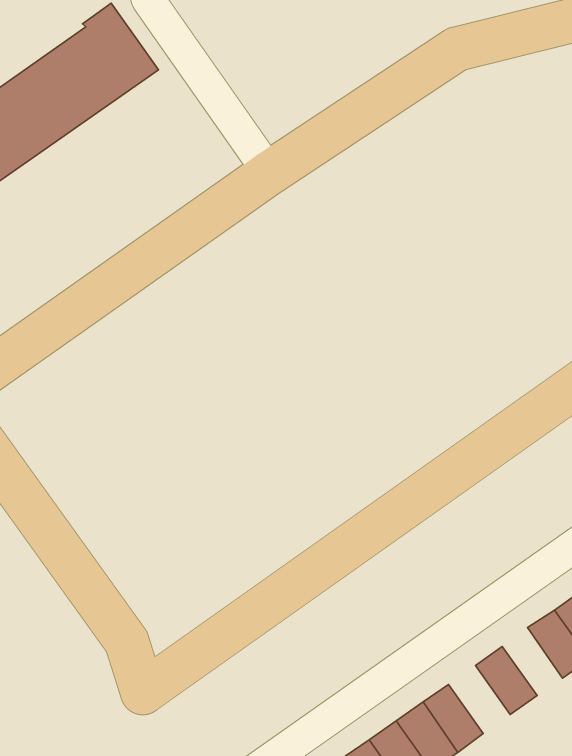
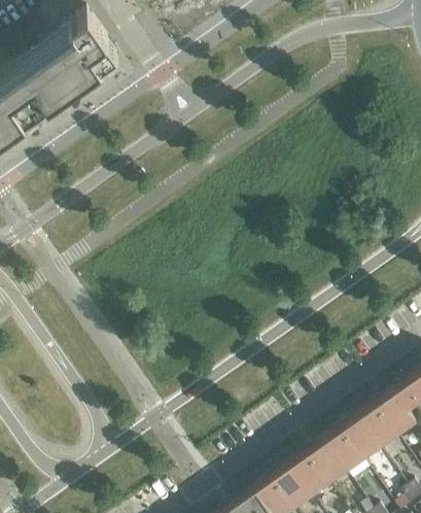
building: none -> [338,415,377,459]
building: none -> [303,440,343,484]

